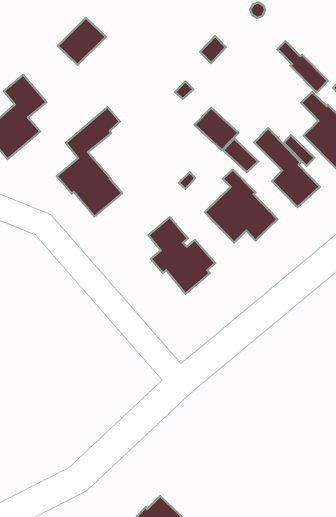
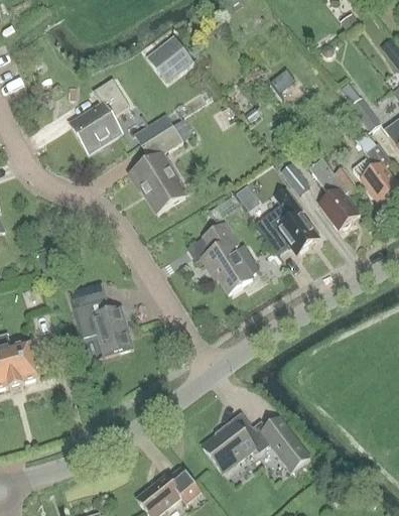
building: [195,108,239,150] -> none
building: none -> [71,291,133,356]
building: none -> [203,413,309,473]

